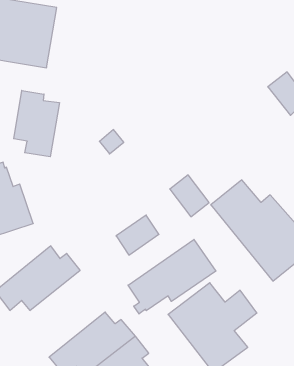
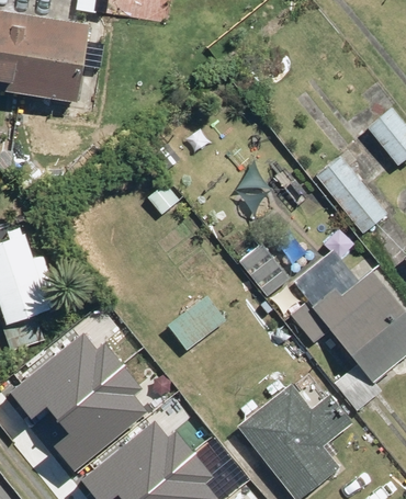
building: [14,90,59,157] -> none
building: none -> [314,155,387,235]
building: [128,239,216,314] -> none
building: none -> [53,367,145,473]

